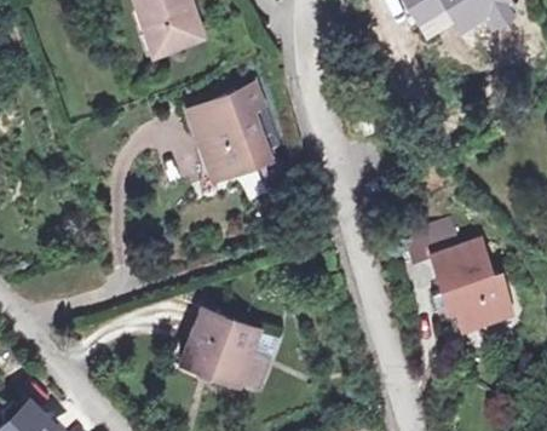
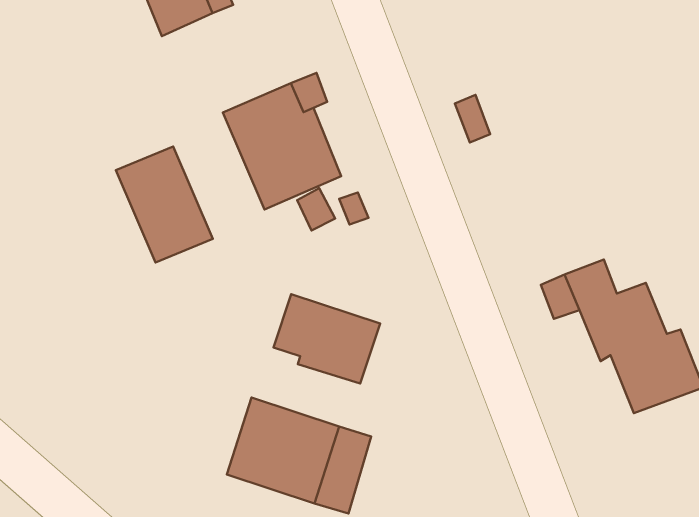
building: none -> [116,146,213,262]
building: none -> [274,294,380,384]

